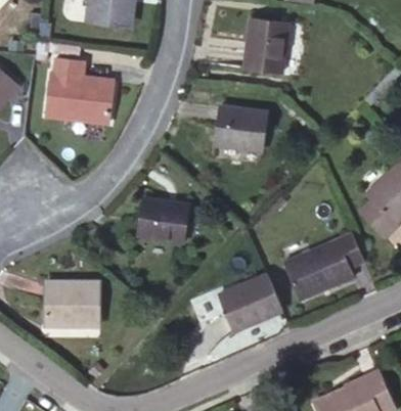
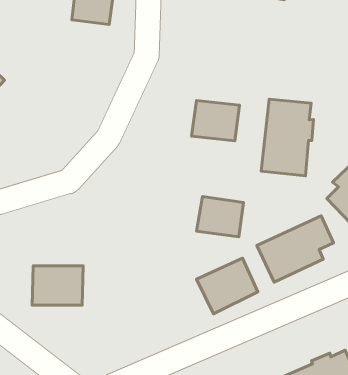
building: [244,18,287,74] -> none
building: [45,59,113,123] -> none
building: none -> [261,99,313,176]
building: [138,198,188,241] -> [197,197,244,237]

